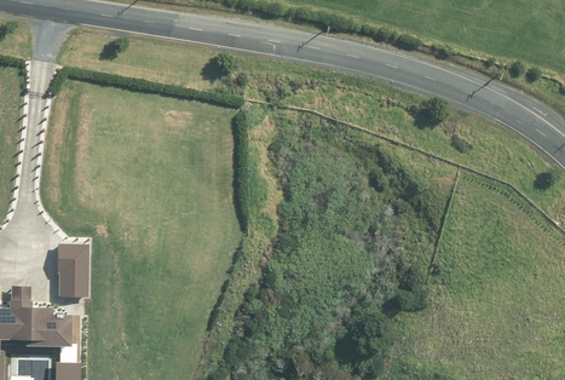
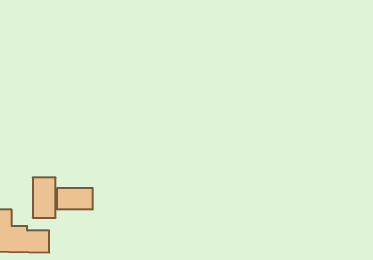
building: none -> [57,188,93,210]

